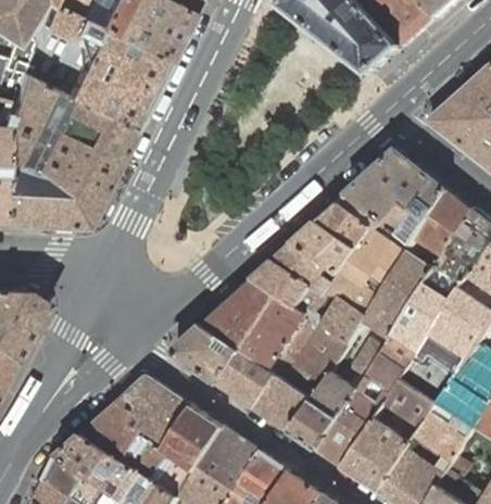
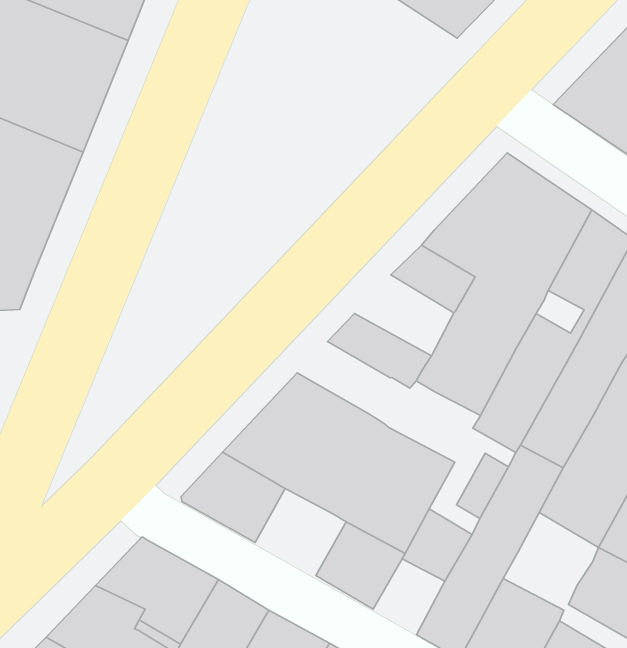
building: [291,220,354,274] -> none
building: [252,260,366,342] -> none
building: [217,351,276,407] -> none
building: [383,378,435,426] -> none
building: [289,401,336,450] -> none

